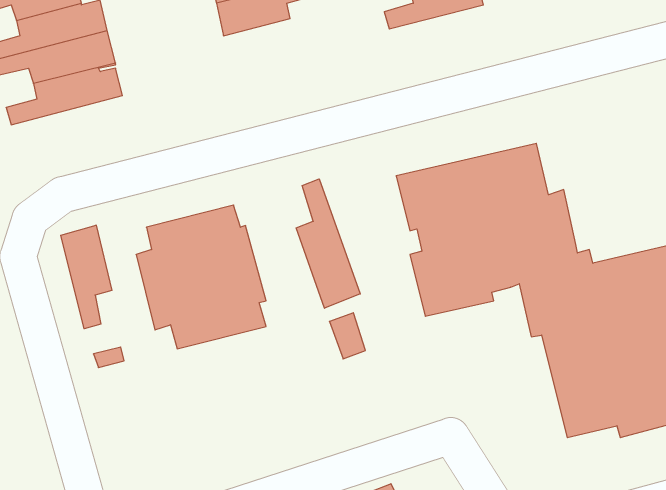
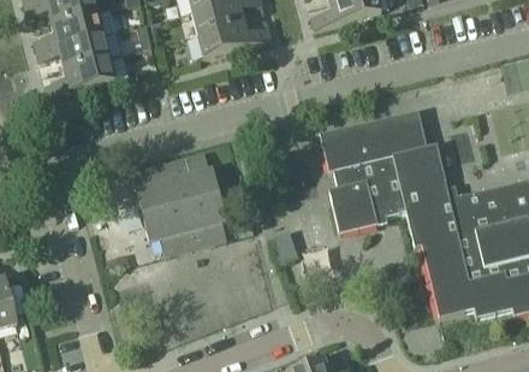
building: none -> [197,22,272,57]
building: [296,179,360,308] -> none
building: [61,225,112,329] -> none

